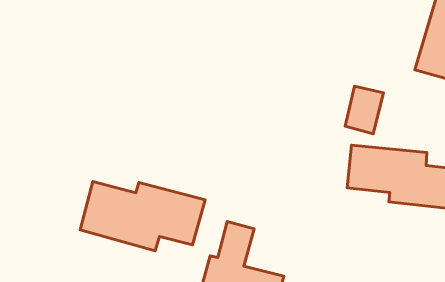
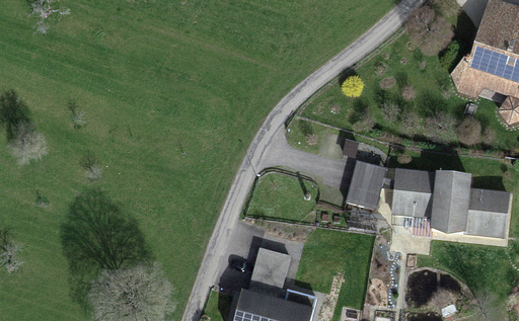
building: [345,86,383,134] -> [347,162,388,214]
building: [80,181,205,251] -> none

